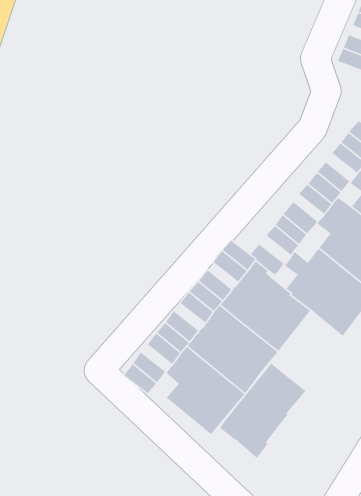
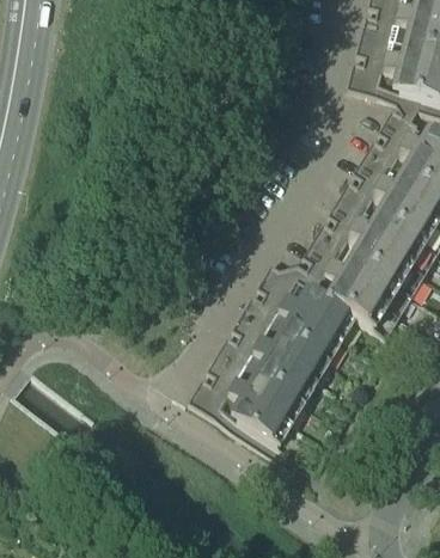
building: [219,362,306,459] -> none

